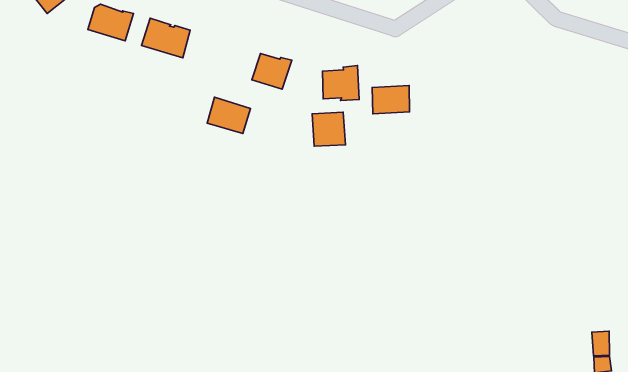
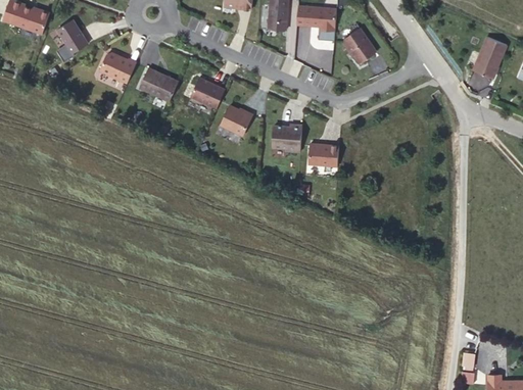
building: [207,97,250,133] -> [192,77,227,107]
building: [312,112,345,146] -> none

